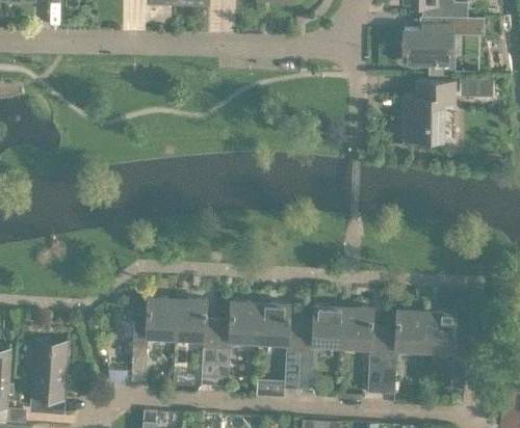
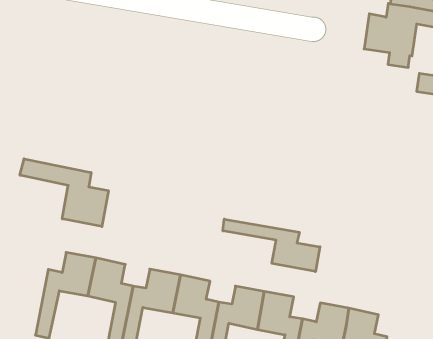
building: [404,79,454,138] -> none
building: none -> [20,159,108,227]
building: none -> [223,219,320,272]

